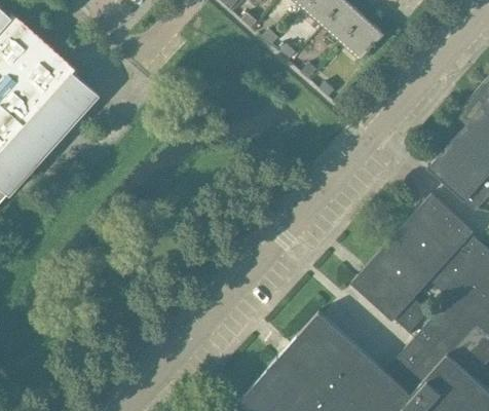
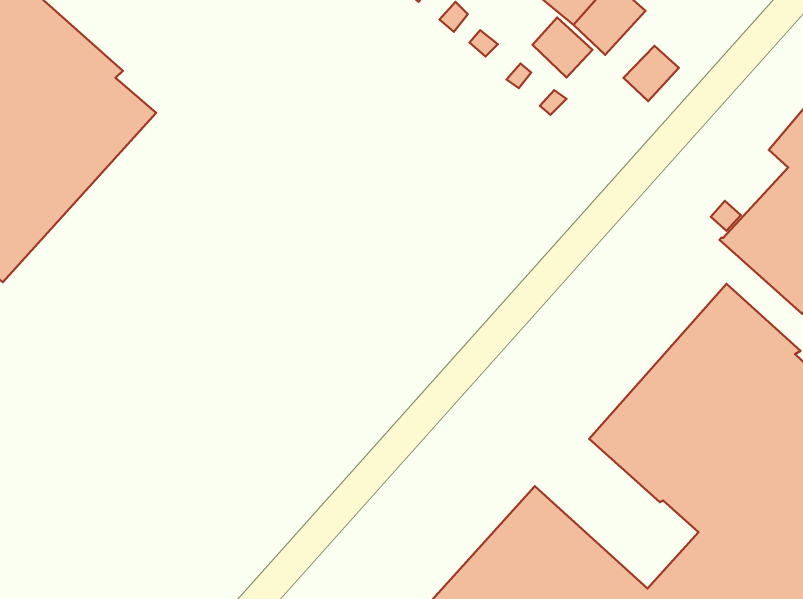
building: none -> [533,17,592,78]
building: none -> [624,46,679,101]

